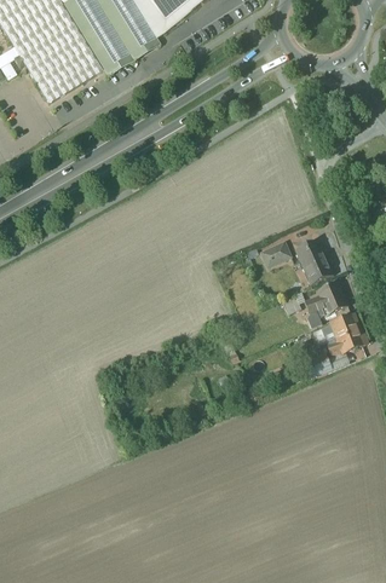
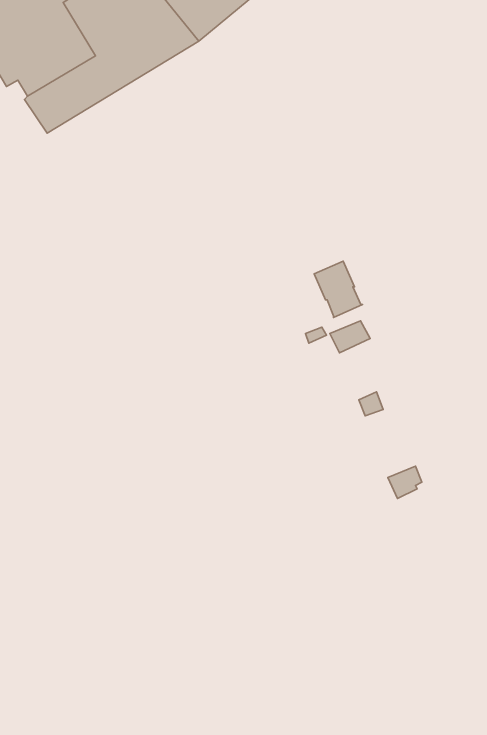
building: [299,241,335,283] -> [314,261,363,318]
building: [306,281,350,318] -> none
building: [324,314,369,356] -> none

